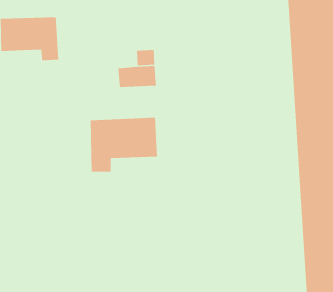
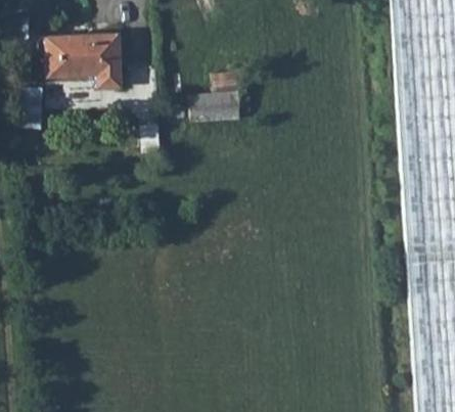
building: [90,117,158,173] -> none

